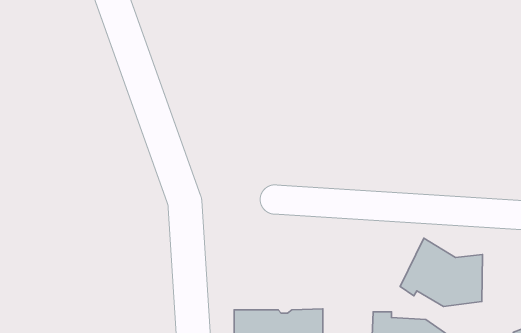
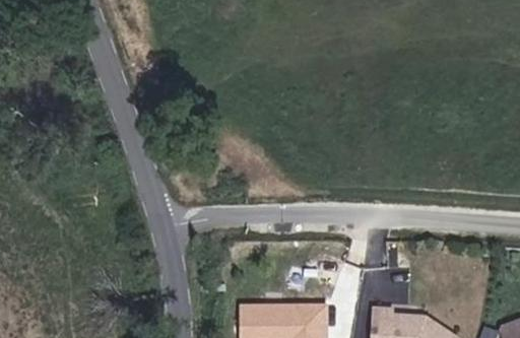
building: [400,238,482,307] -> none

